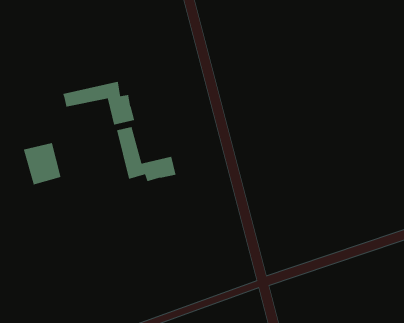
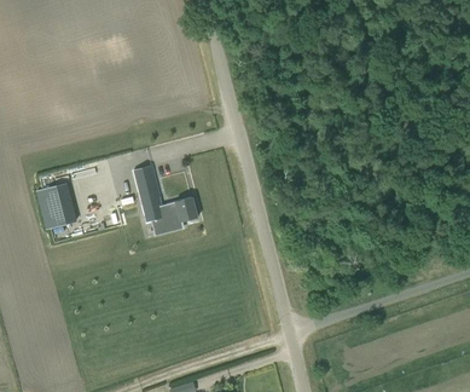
building: [62,81,135,125] -> none

